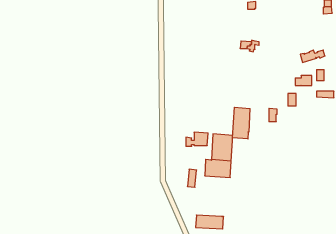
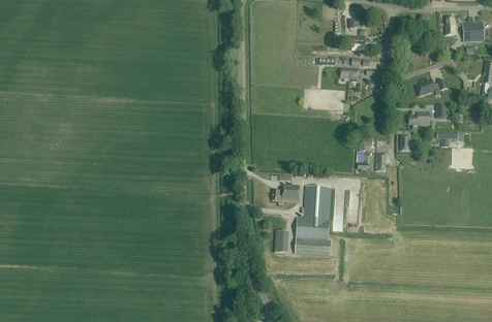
building: [233,107,250,139] -> none
building: [196,215,224,229] -> [295,237,330,255]

